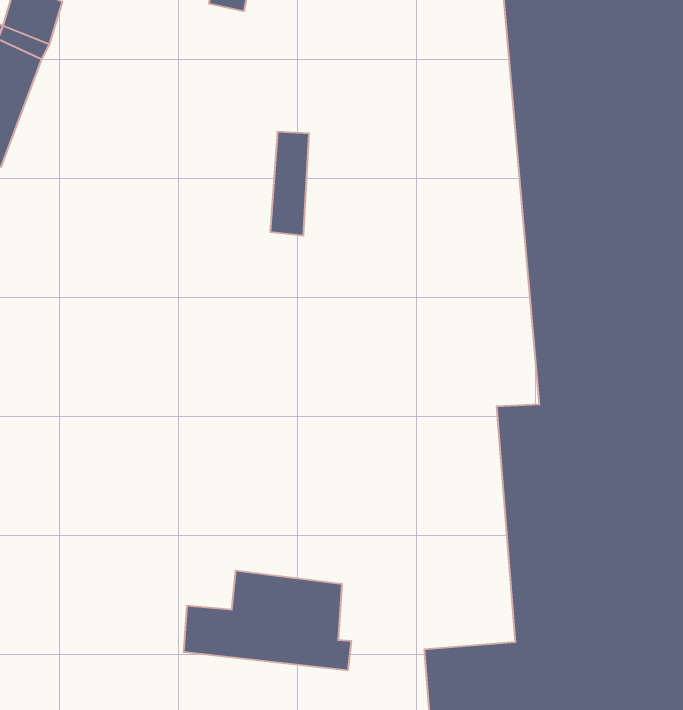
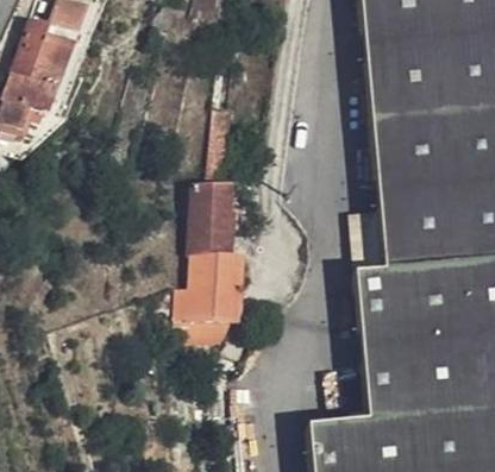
building: none -> [177,176,250,338]
building: [184,570,351,670] -> none

